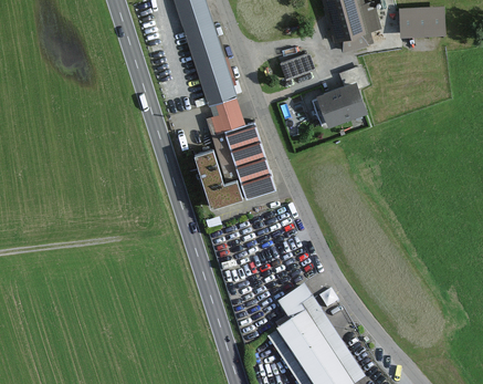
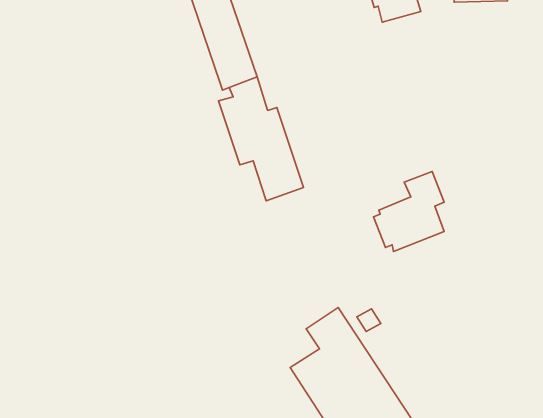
building: [279,51,313,79] -> none
building: [313,62,371,128] -> [374,171,444,251]
building: [196,149,243,208] -> none

